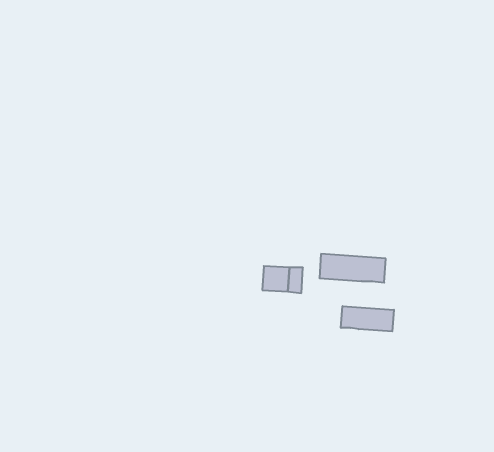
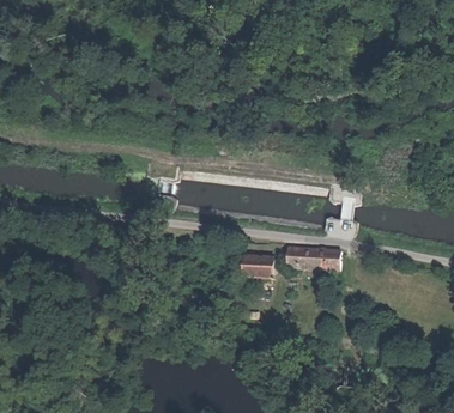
building: [341,306,394,331] -> none

